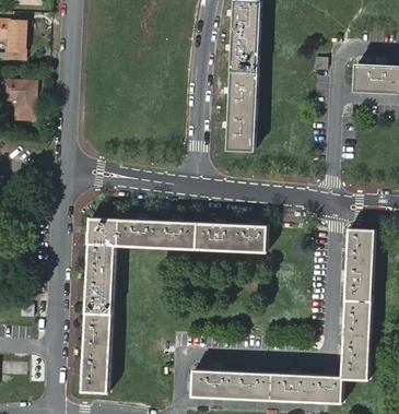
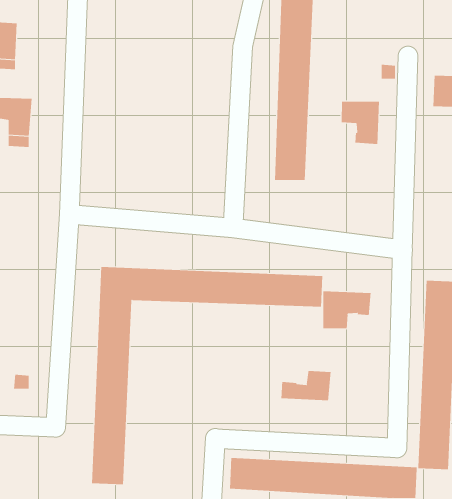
building: none -> [341,101,380,145]
building: none -> [323,291,371,329]
building: none -> [281,370,331,401]

